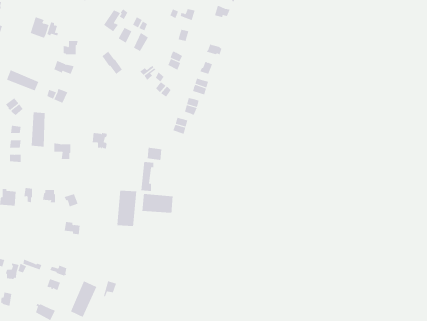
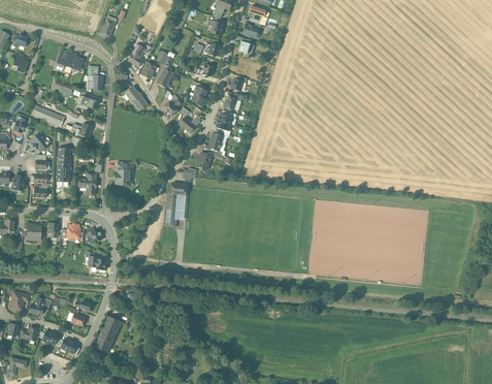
building: [116,190,137,227] -> none
building: [142,193,173,214] -> none

